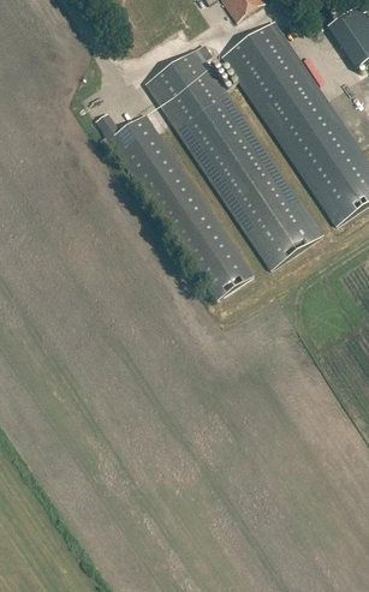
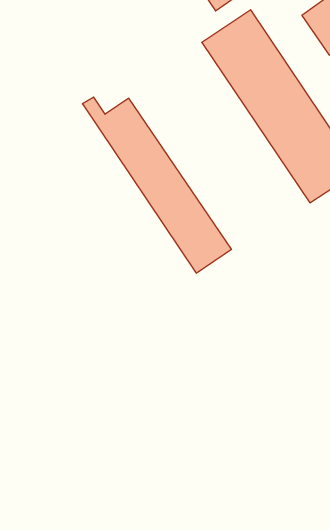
building: [145,44,322,269] -> none

